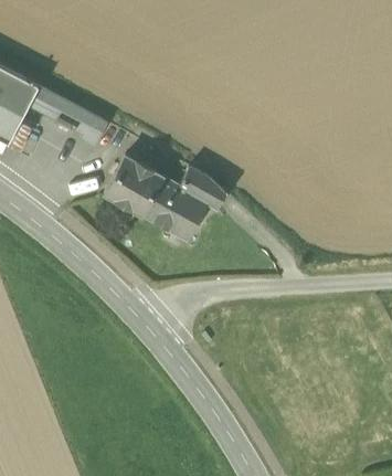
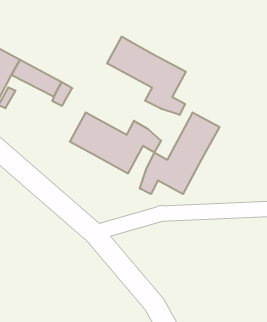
building: none -> [107,37,186,115]
building: none -> [140,112,219,194]

